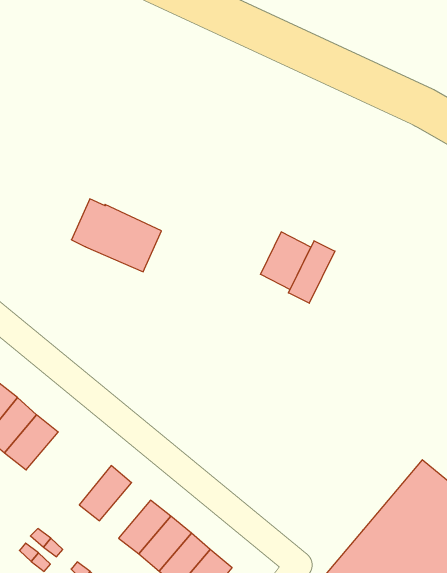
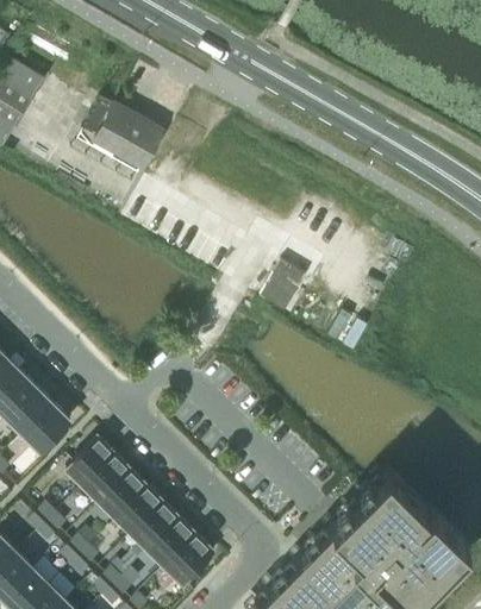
building: [71,199,161,272] -> [83,99,163,167]
building: [288,241,335,303] -> none
building: none -> [68,439,115,488]
building: none -> [101,472,148,520]

